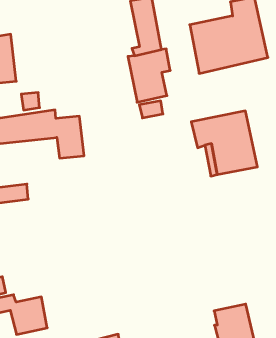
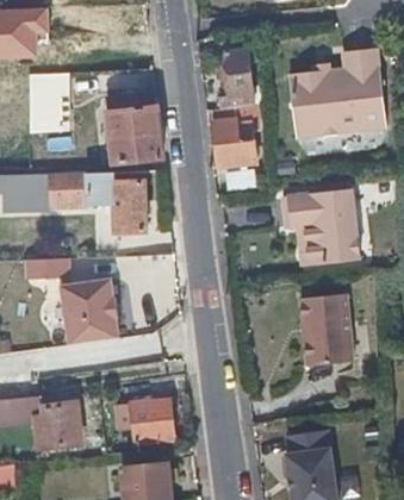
building: none -> [107,90,162,164]
building: none -> [300,298,354,371]
building: none -> [63,277,120,343]
building: none -> [130,398,172,440]

